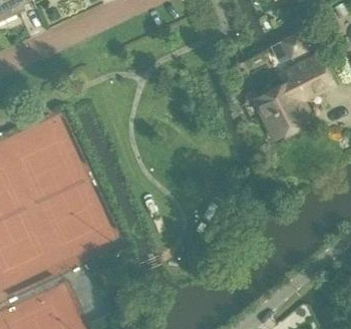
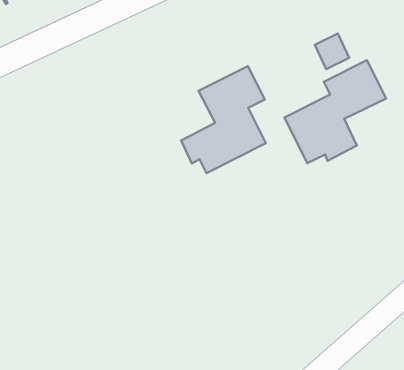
building: none -> [181,66,266,173]

